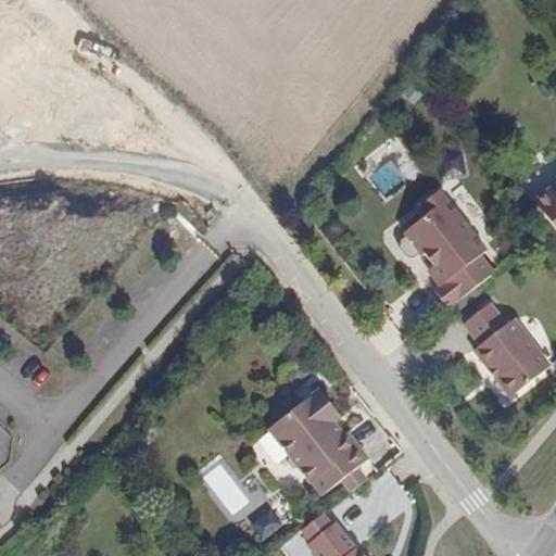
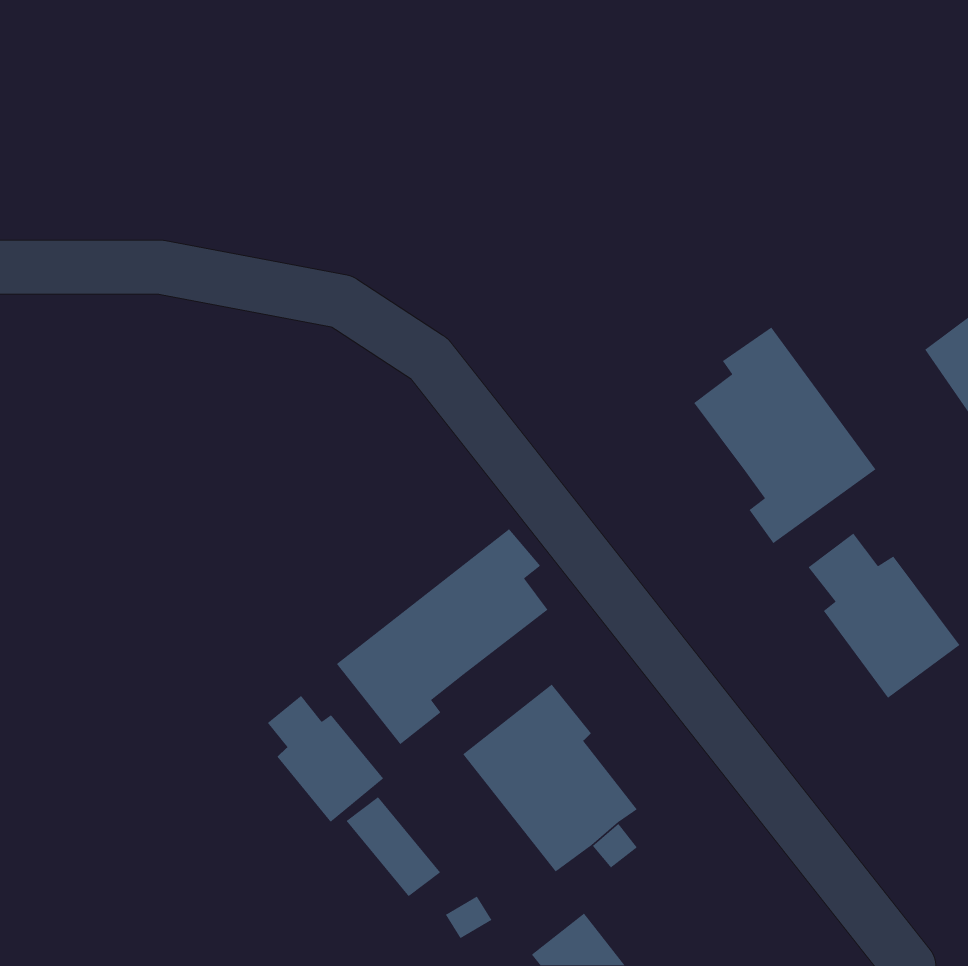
building: none -> [336,528,548,745]
building: none -> [267,695,384,823]

